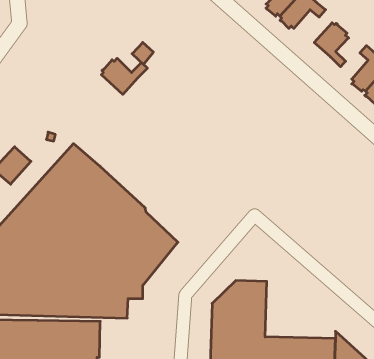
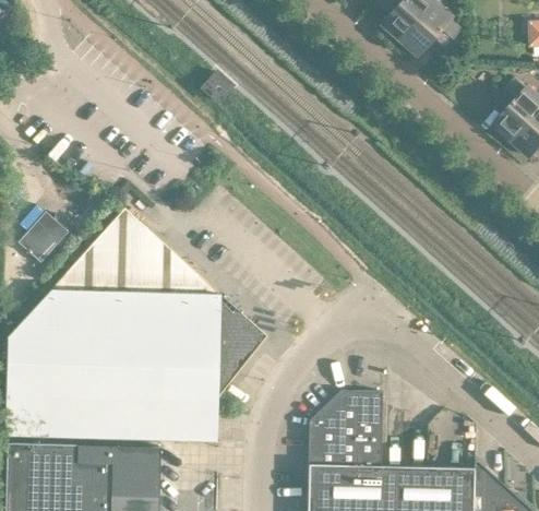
building: [314,23,349,67] -> none
building: [101,58,147,94] -> none

